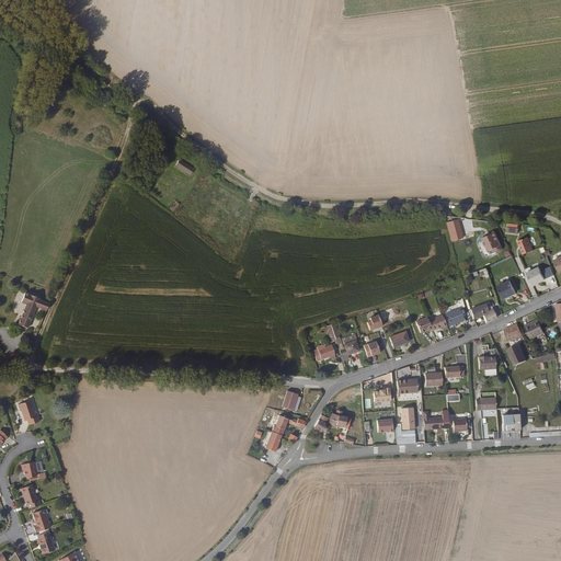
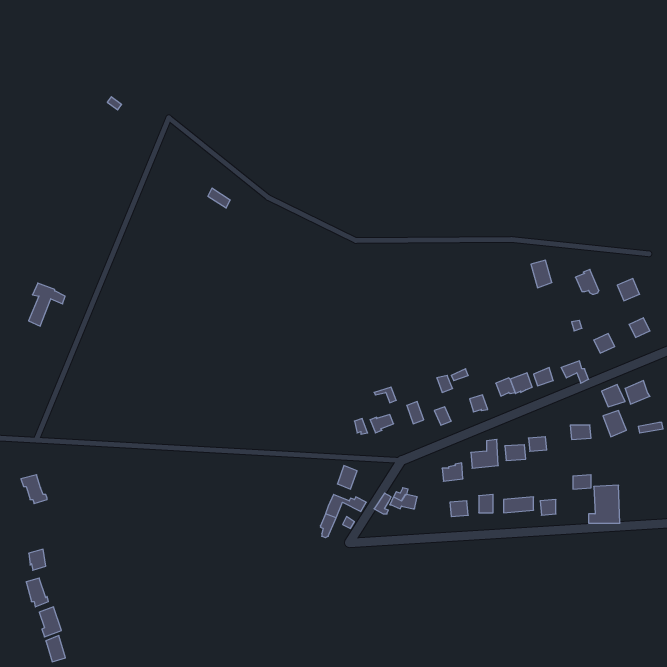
building: [18,291,48,328] -> [29,283,65,326]

